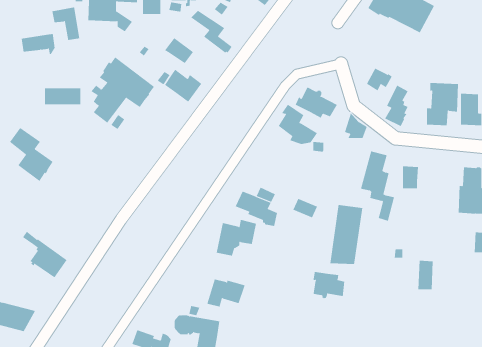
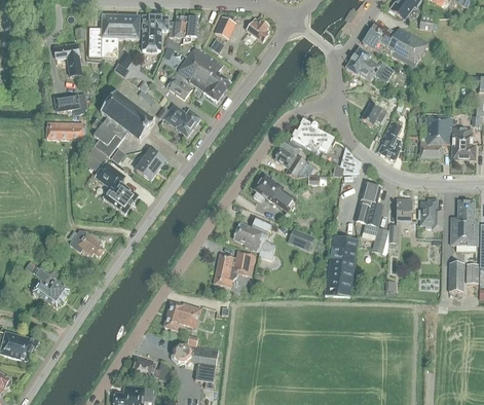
building: none -> [346,47,395,81]
building: none -> [177,52,225,101]
building: [21,33,56,54] -> [53,91,87,112]
building: none -> [136,149,163,179]
building: [9,127,53,182] -> [95,160,138,214]
building: none -> [253,175,297,213]
building: none -> [418,198,443,229]
building: none -> [69,229,104,256]
building: [418,260,433,290] -> [448,262,463,291]
building: [313,271,345,300] -> none
building: [207,279,246,307] -> [163,301,201,329]

